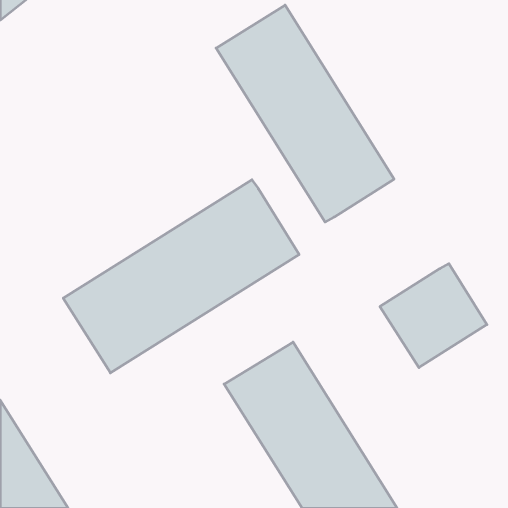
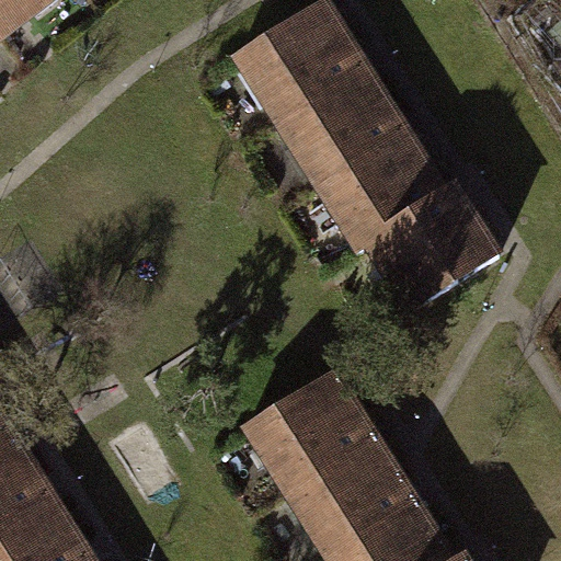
building: [63,180,299,373] -> none
building: [380,264,487,368] -> [369,191,486,305]

